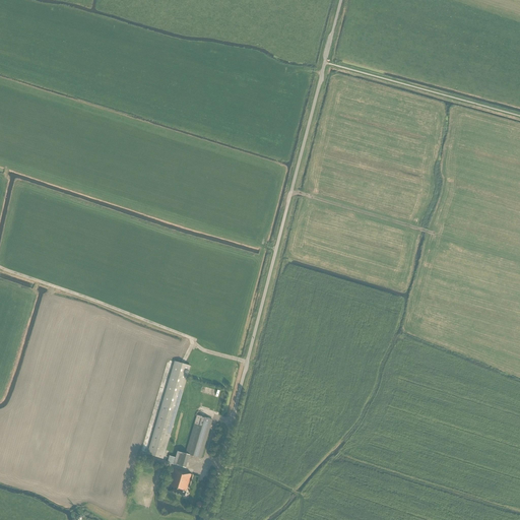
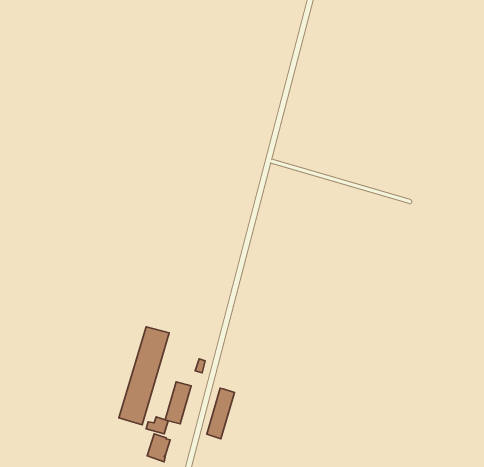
building: none -> [207,388,234,439]

